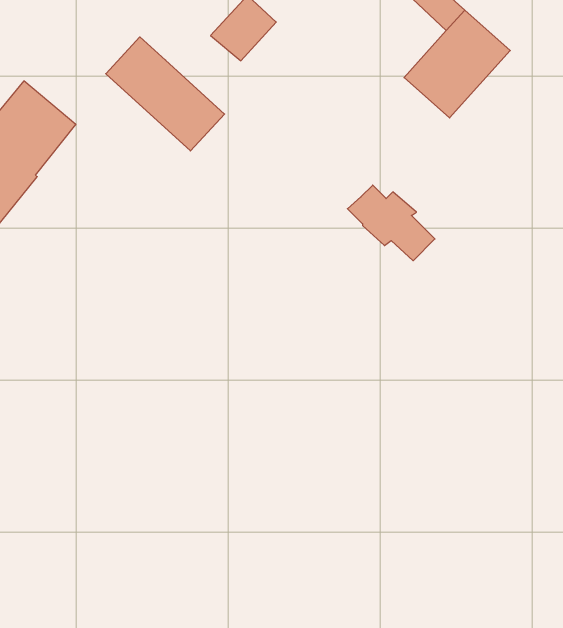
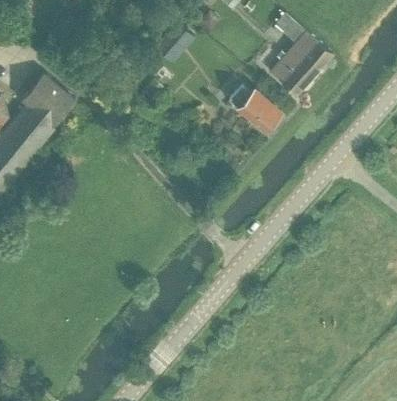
building: [106,37,225,151] -> none
building: [347,185,435,261] -> [228,85,280,130]

